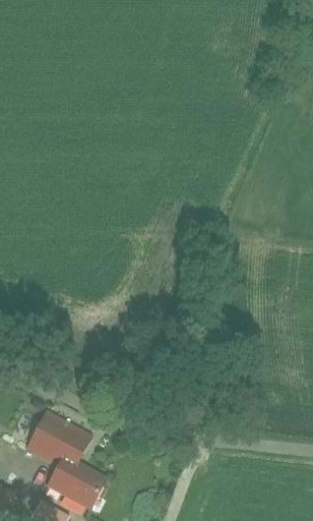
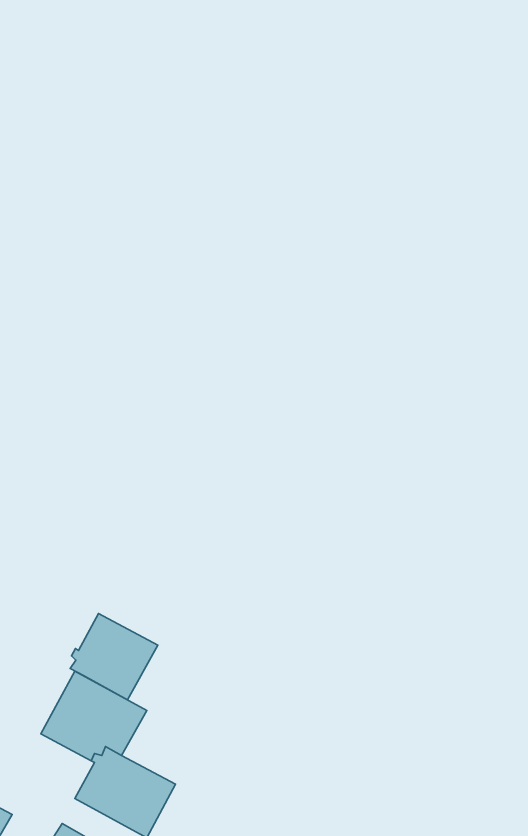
building: none -> [70,613,158,700]

